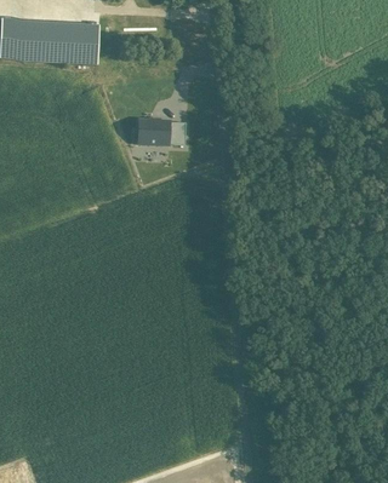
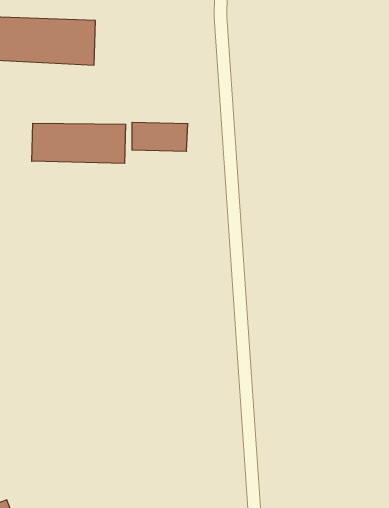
building: none -> [32,123,126,163]

